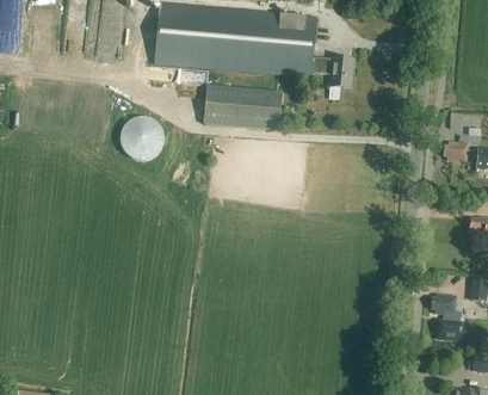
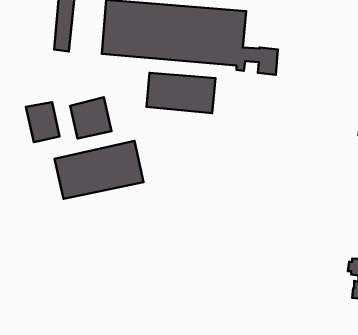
building: none -> [26,102,60,142]
building: none -> [54,141,144,199]

